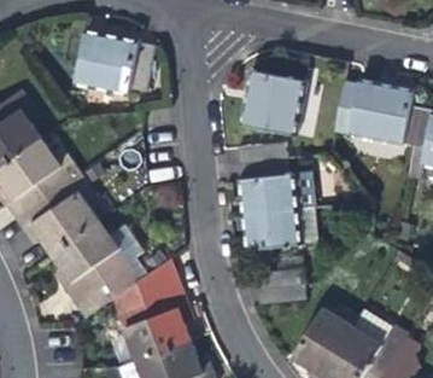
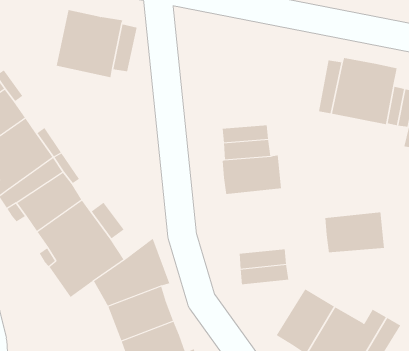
building: [239,69,306,136] -> none
building: [242,209,303,250] -> [325,212,385,253]

